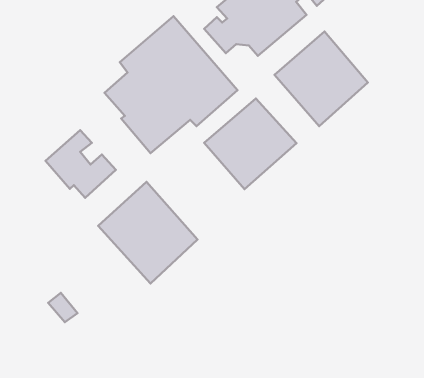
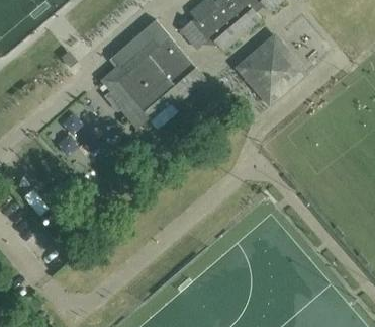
building: [204,98,296,189] -> none
building: [98,182,197,283] -> none

